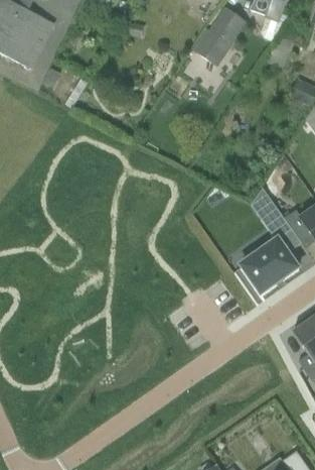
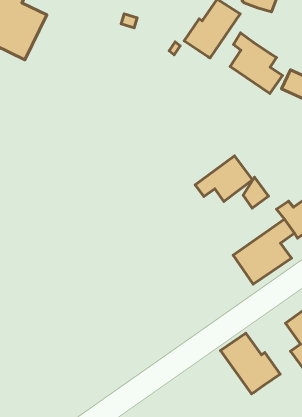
building: none -> [230,33,282,94]
building: none -> [195,156,253,202]
building: none -> [221,333,280,394]

